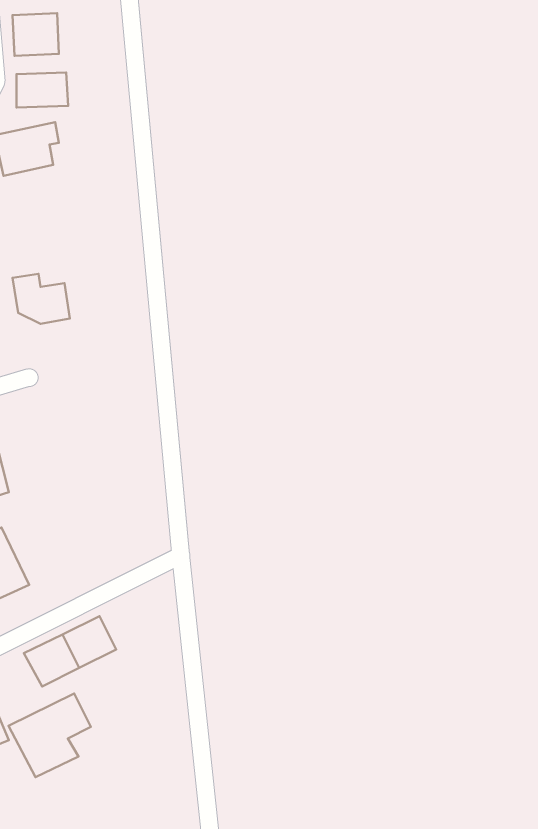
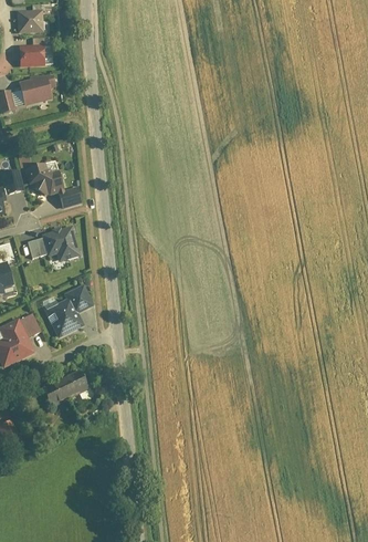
building: none -> [36,226,76,261]
building: none -> [41,285,90,337]
building: [8,693,91,777] -> none

